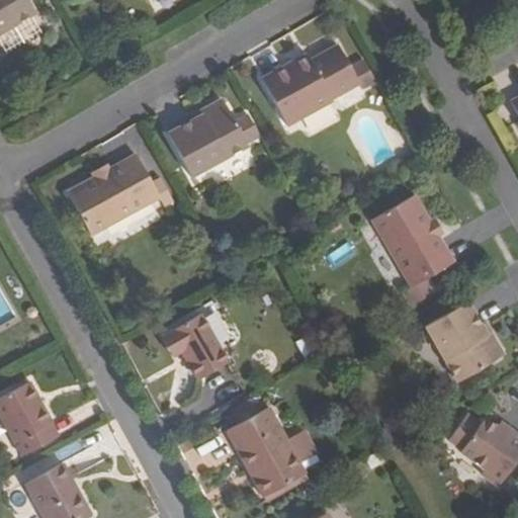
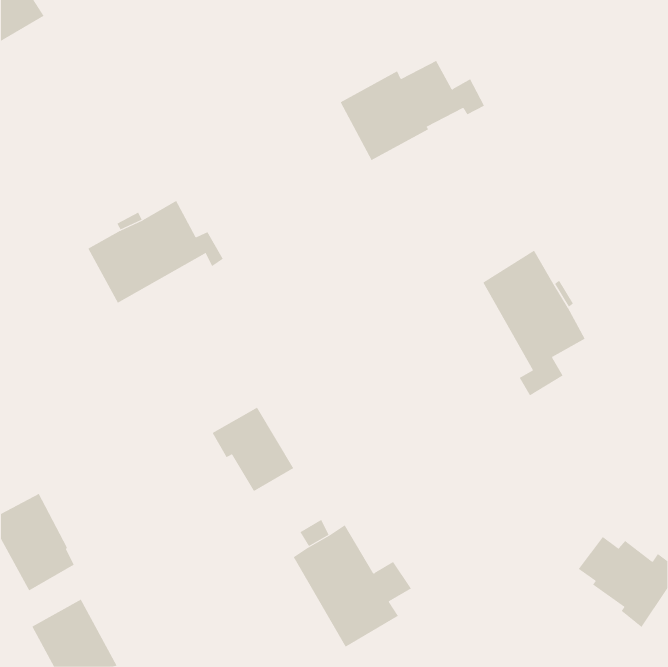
building: [169,100,260,175] -> none
building: [427,301,503,382] -> none

